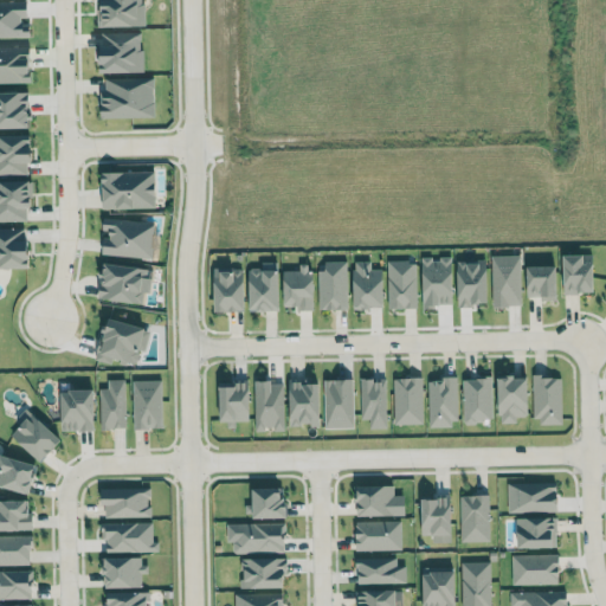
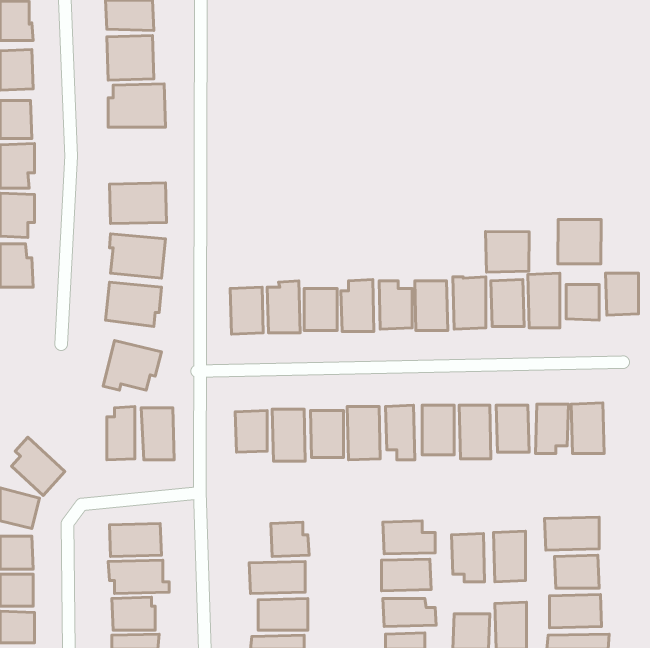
building: none -> [558,220,601,264]
building: none -> [485,231,529,272]
building: [60,391,95,432] -> none

